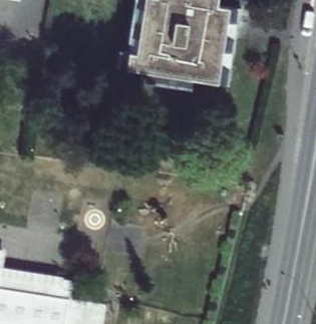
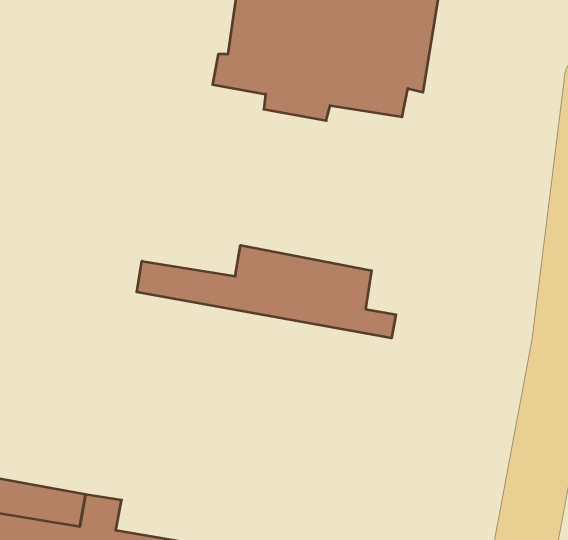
building: none -> [137,245,396,338]

